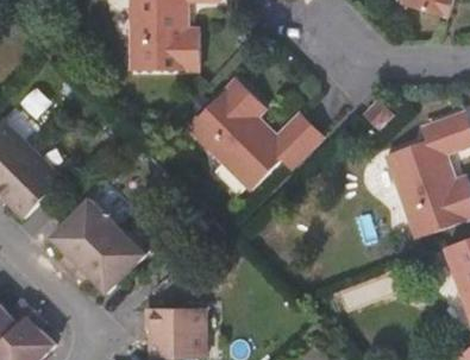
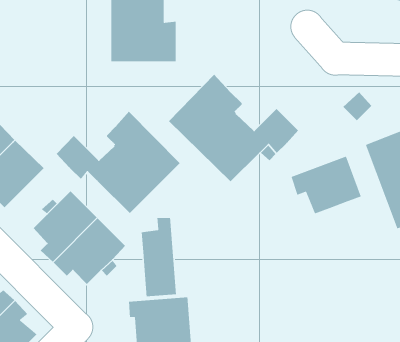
building: none -> [56,111,181,214]
building: none -> [290,156,362,214]
building: none -> [141,217,177,297]

